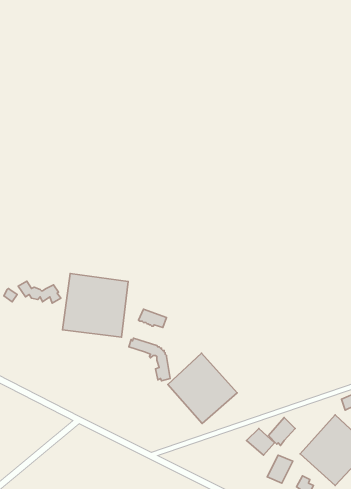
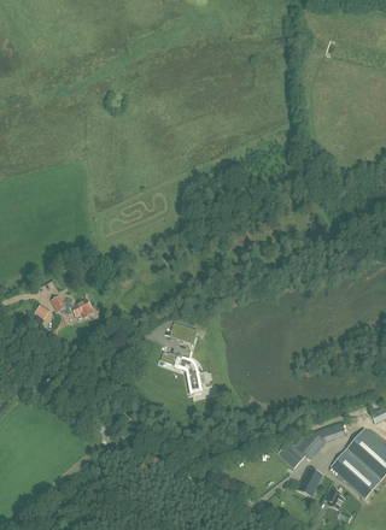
building: [62,273,128,337] -> none
building: [168,353,237,424] -> none

